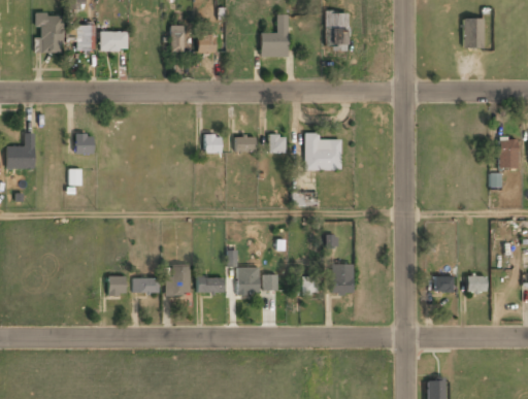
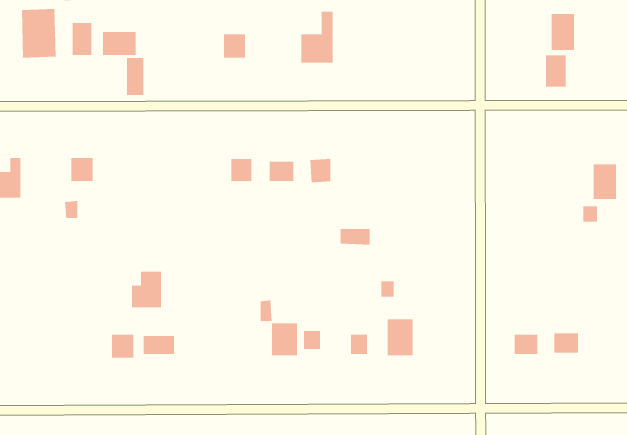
building: [326,10,348,48] -> none
building: [170,24,185,55] -> [126,57,144,96]
building: none -> [545,55,566,87]
building: [304,136,341,170] -> none
building: [165,265,190,295] -> [131,271,162,308]
building: [197,275,224,293] -> none

